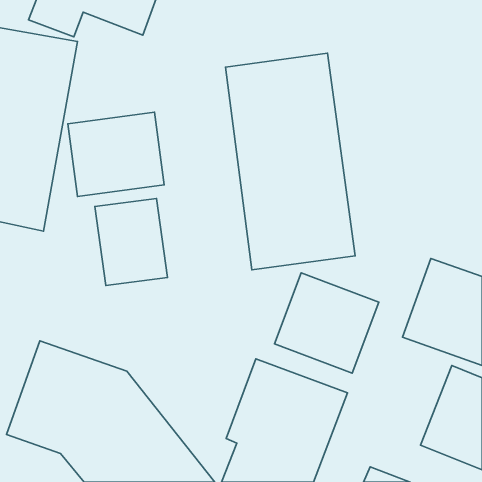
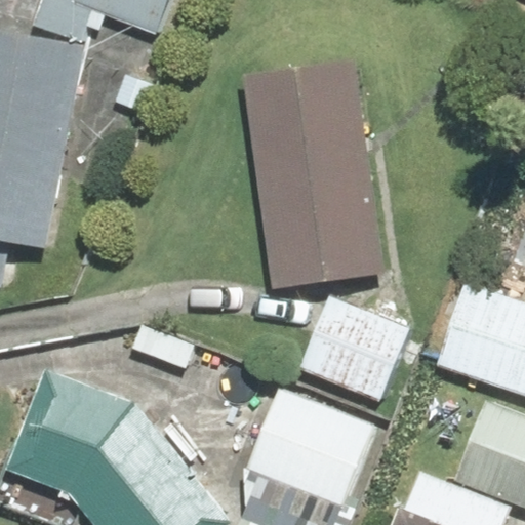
building: [68,112,164,197] -> none
building: [95,198,167,285] -> none

